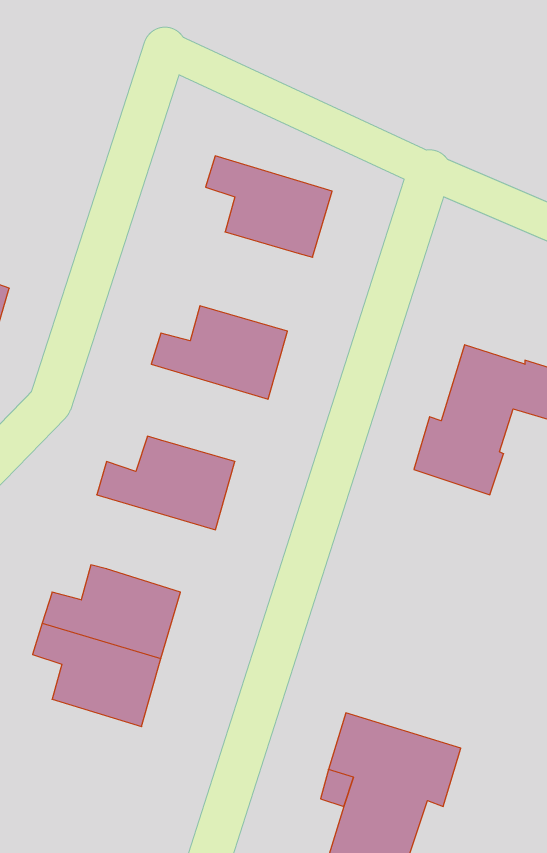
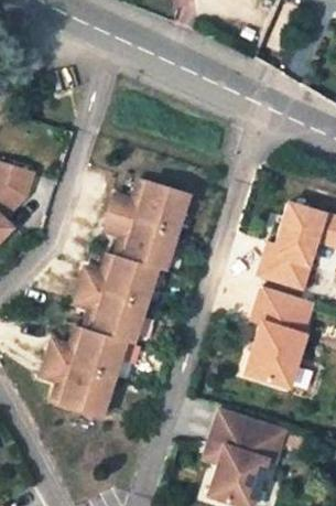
building: [206,156,332,257] -> [105,214,176,271]
building: none -> [246,287,313,387]
building: none -> [74,288,147,345]

